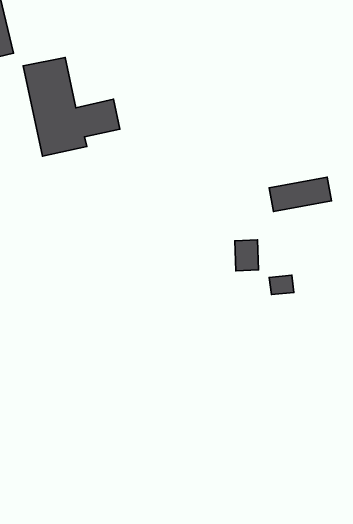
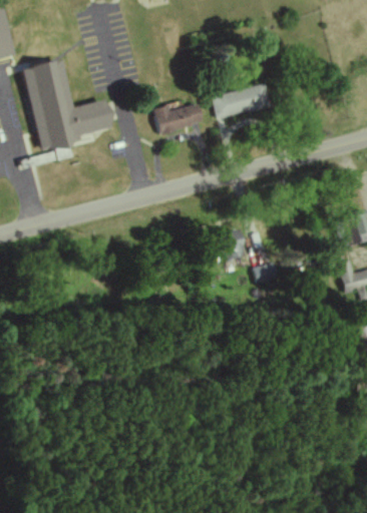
building: none -> [154,103,204,133]
building: [269,177,332,212] -> [211,85,269,117]

